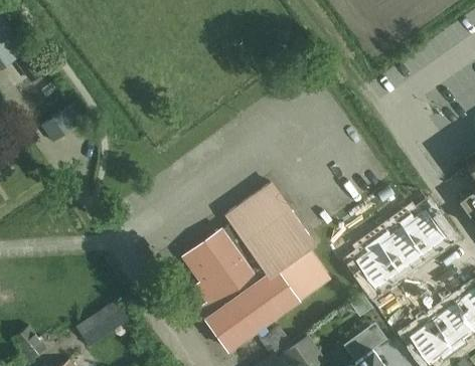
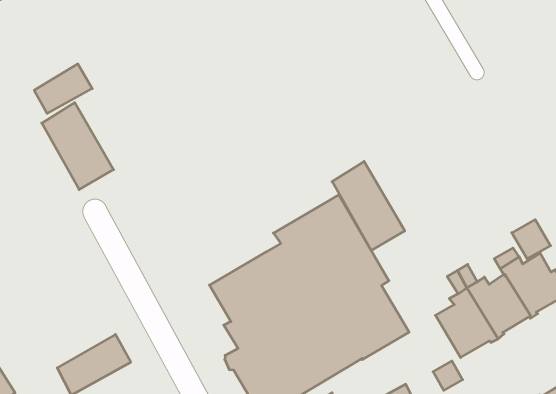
building: none -> [42,103,114,190]
building: none -> [332,161,405,250]

